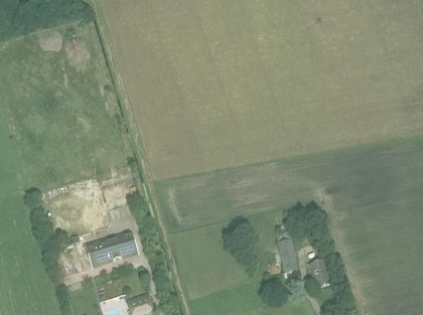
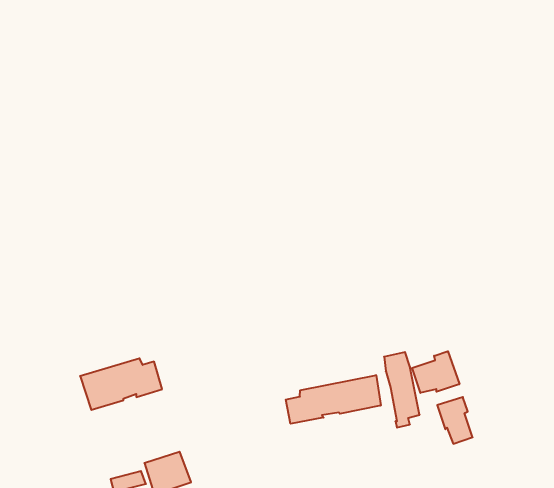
building: none -> [412,351,459,393]
building: none -> [286,375,381,424]

